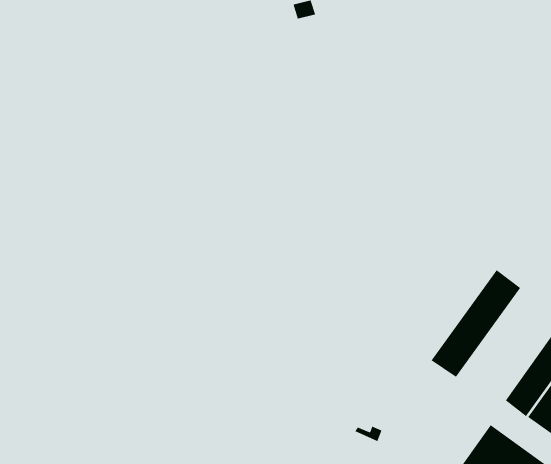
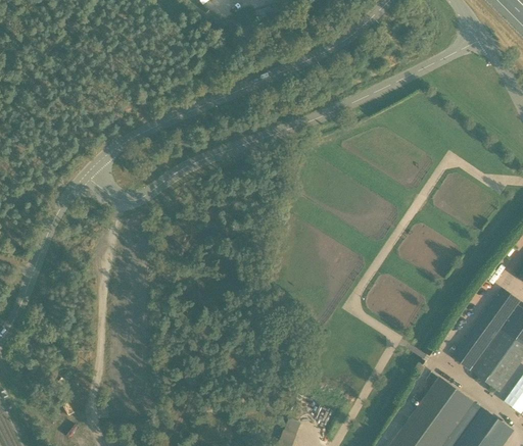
building: [431,269,521,378] -> none

